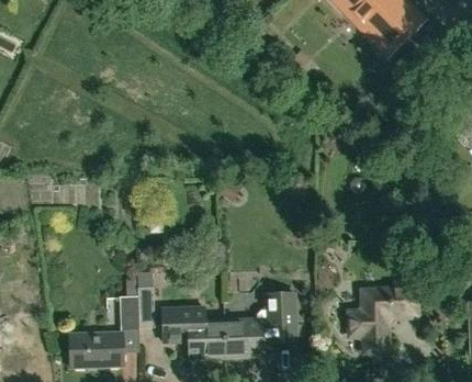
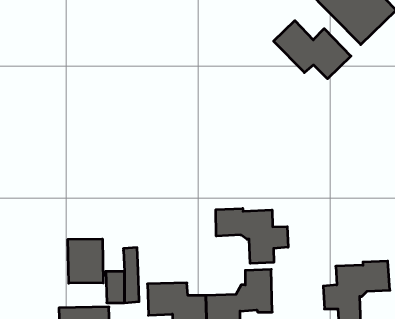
building: none -> [274,21,351,79]
building: none -> [216,208,288,263]
building: none -> [68,239,103,283]

